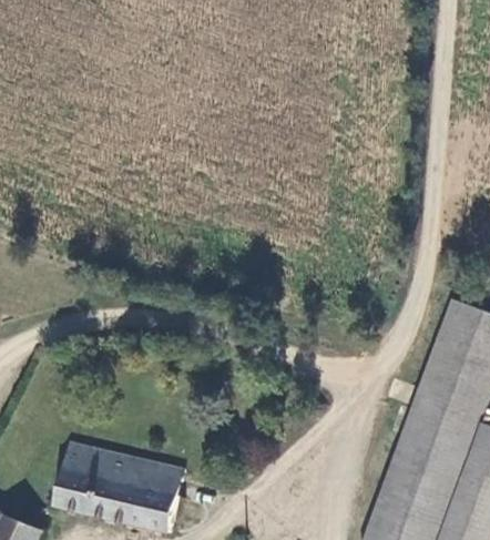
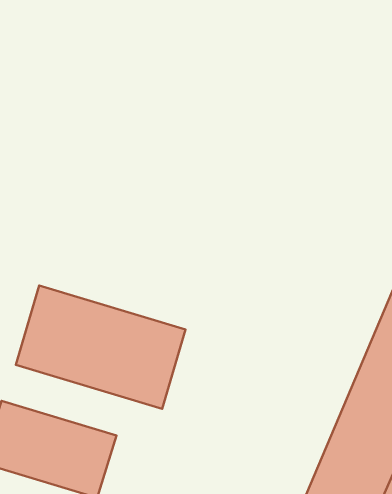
building: none -> [16,286,186,409]

